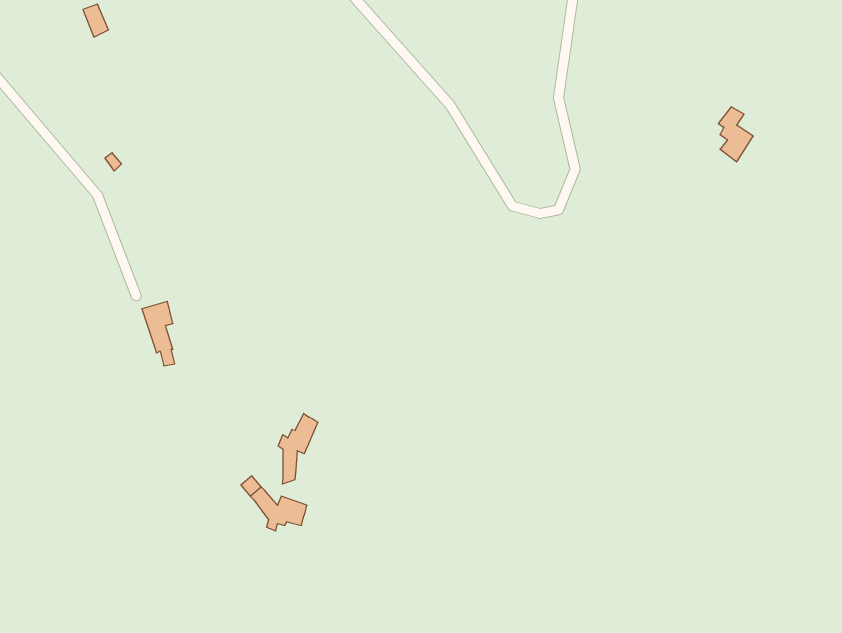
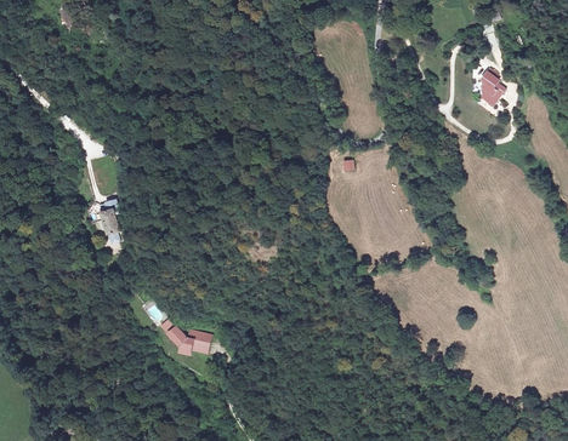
building: [278,413,318,484] -> none

